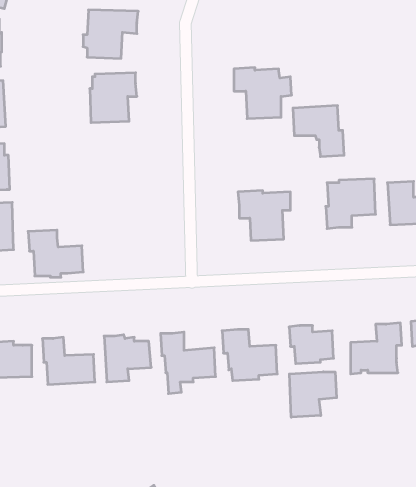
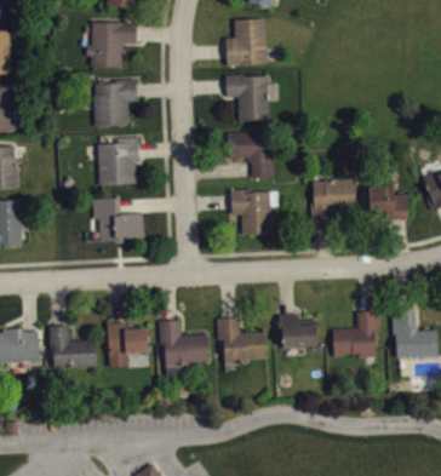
building: none -> [227,18,268,67]
building: [293,106,344,157] -> [228,131,275,178]
building: none -> [97,137,141,185]
building: [28,230,83,277] -> [93,199,144,242]
building: [289,372,337,417] -> none

